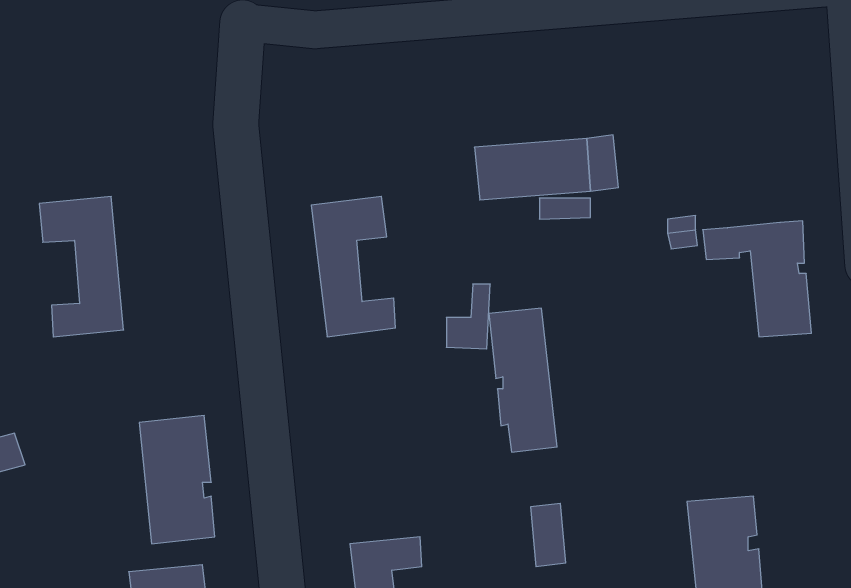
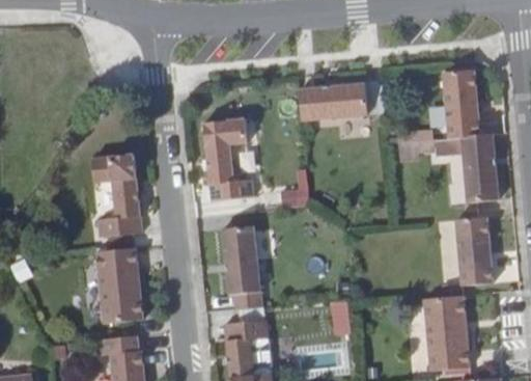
building: none -> [441,69,478,137]
building: [39,197,124,337] -> [94,156,144,239]
building: [489,308,557,452] -> [221,225,261,310]
building: none -> [454,216,491,284]

